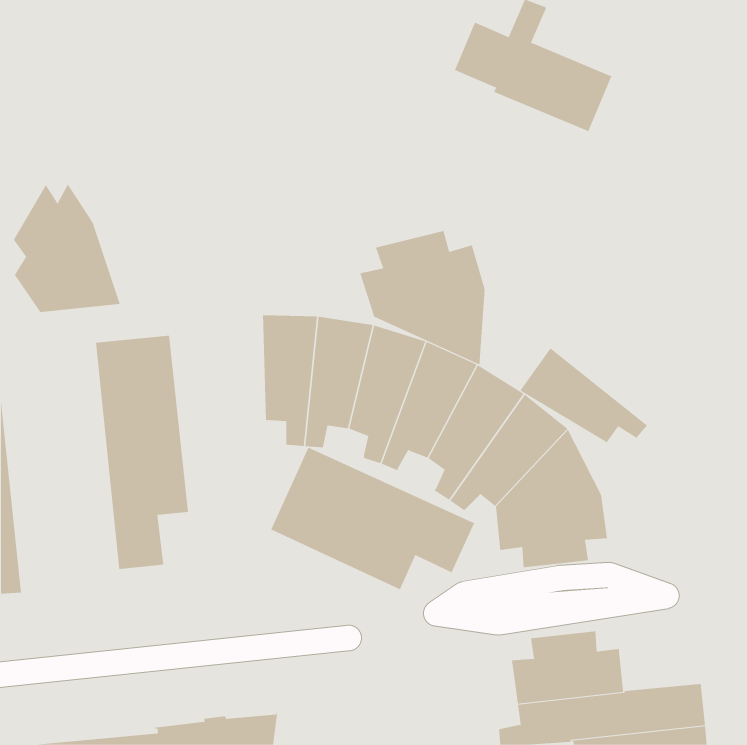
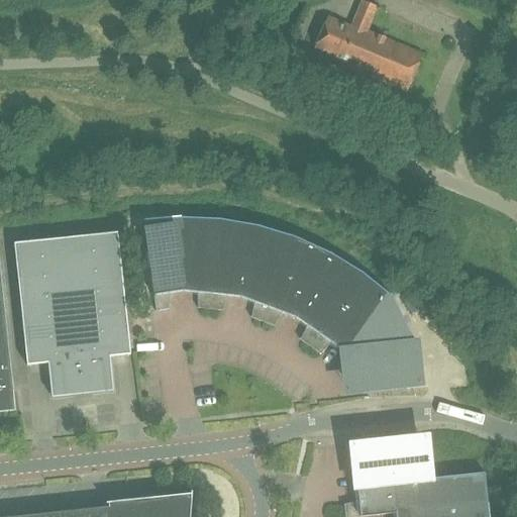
building: [13,183,121,313] -> none
building: [359,230,485,366] -> none
building: none -> [143,217,184,309]
building: none -> [14,236,83,396]
building: [520,347,648,443] -> none
building: [271,447,475,590] -> none

